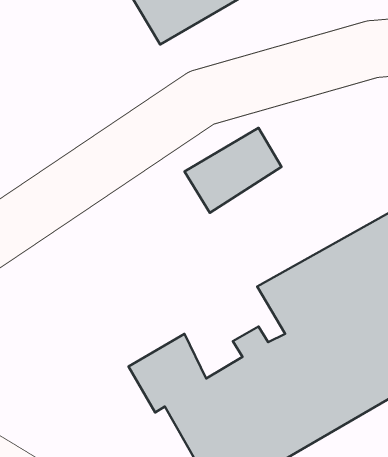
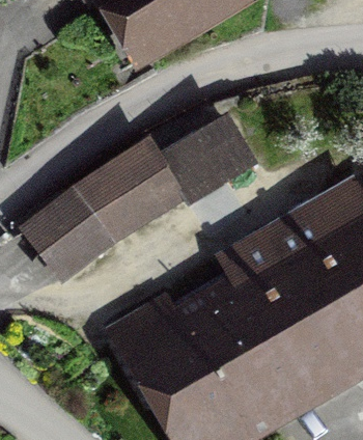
building: none -> [24,149,179,278]

